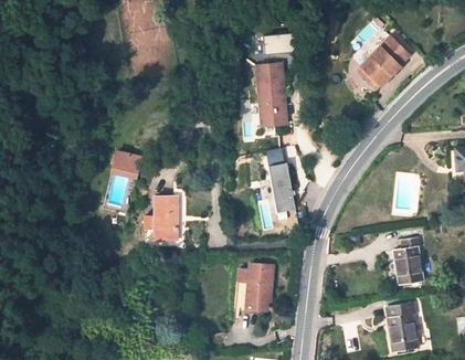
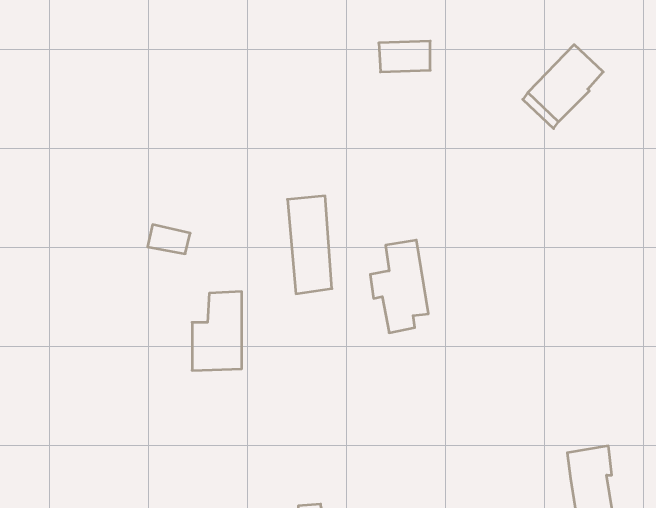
building: [256,63,285,126] -> [287,196,332,294]
building: [393,237,422,285] -> none
building: [235,263,272,310] -> none

